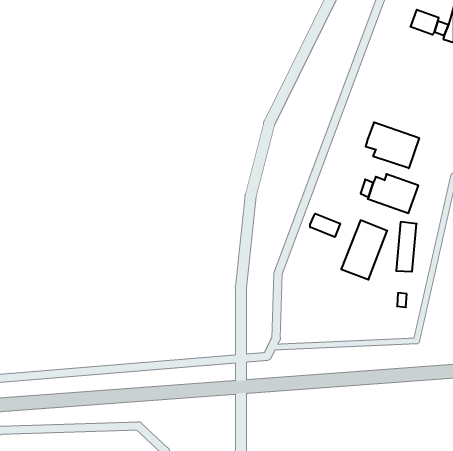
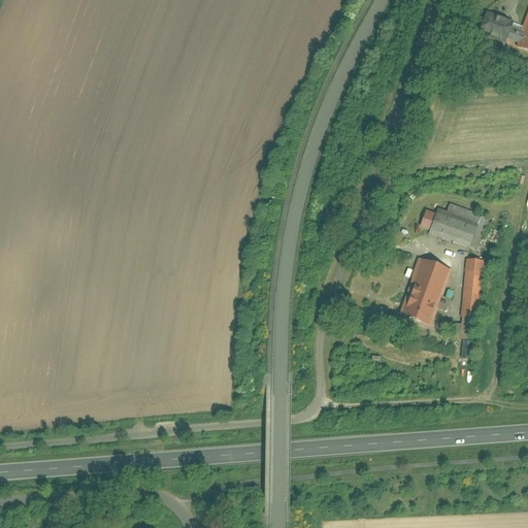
building: [366,122,419,168] -> none
building: [310,214,340,237] -> none

